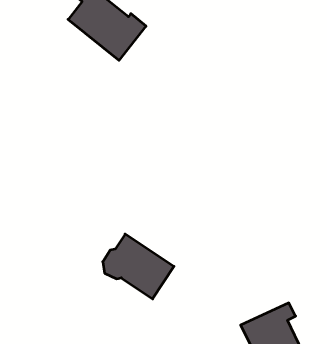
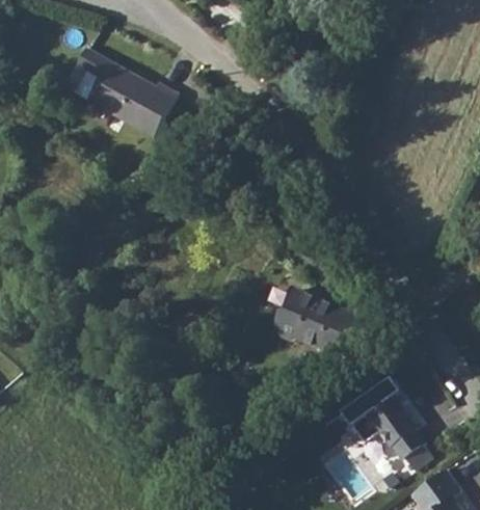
building: [103,234,174,299] -> [275,289,356,356]

